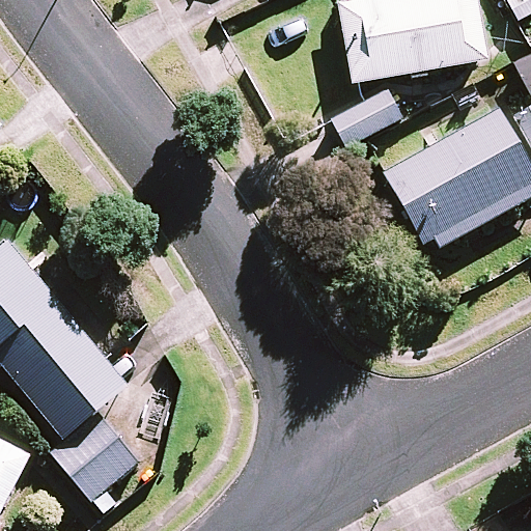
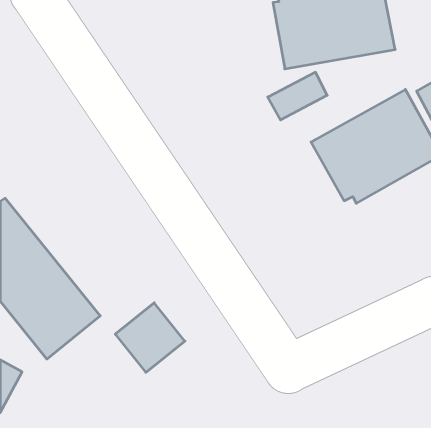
building: [54,412,139,497] -> [115,303,185,372]

